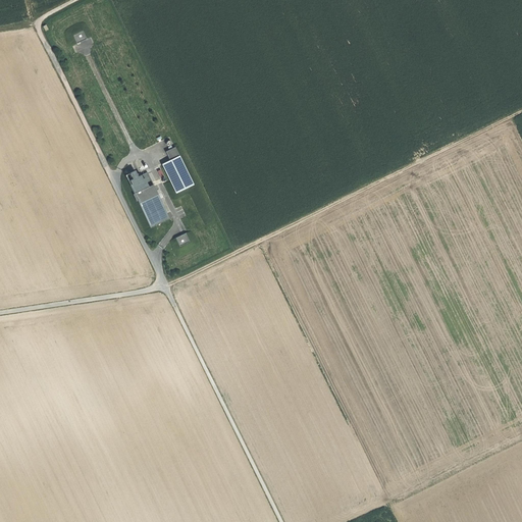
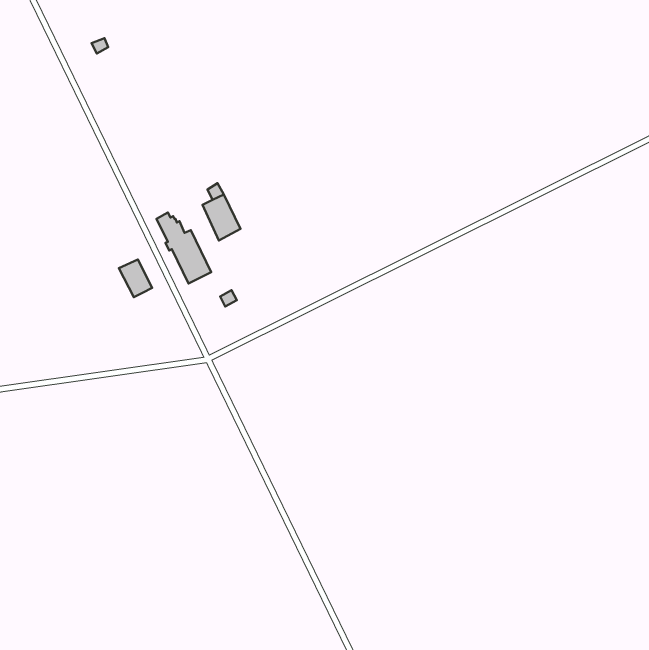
building: none -> [119,260,152,297]

